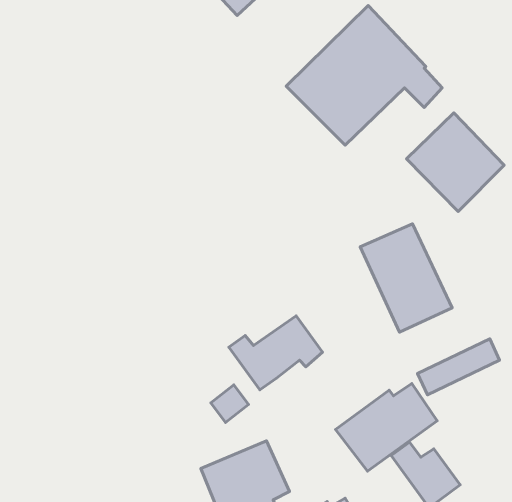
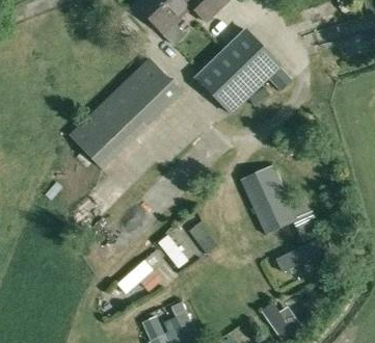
building: none -> [71,58,183,168]
building: [407,113,504,212] -> none
building: [336,384,437,471] -> none

